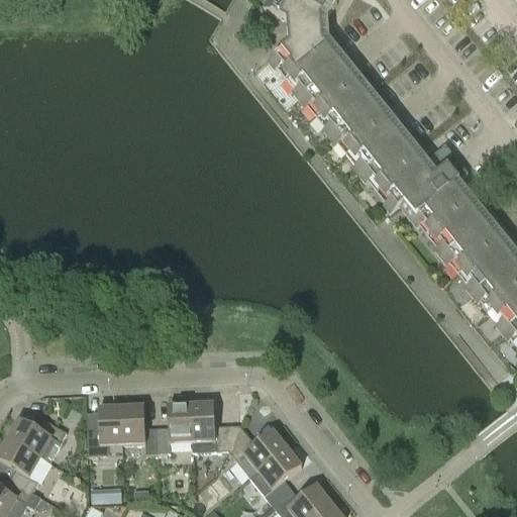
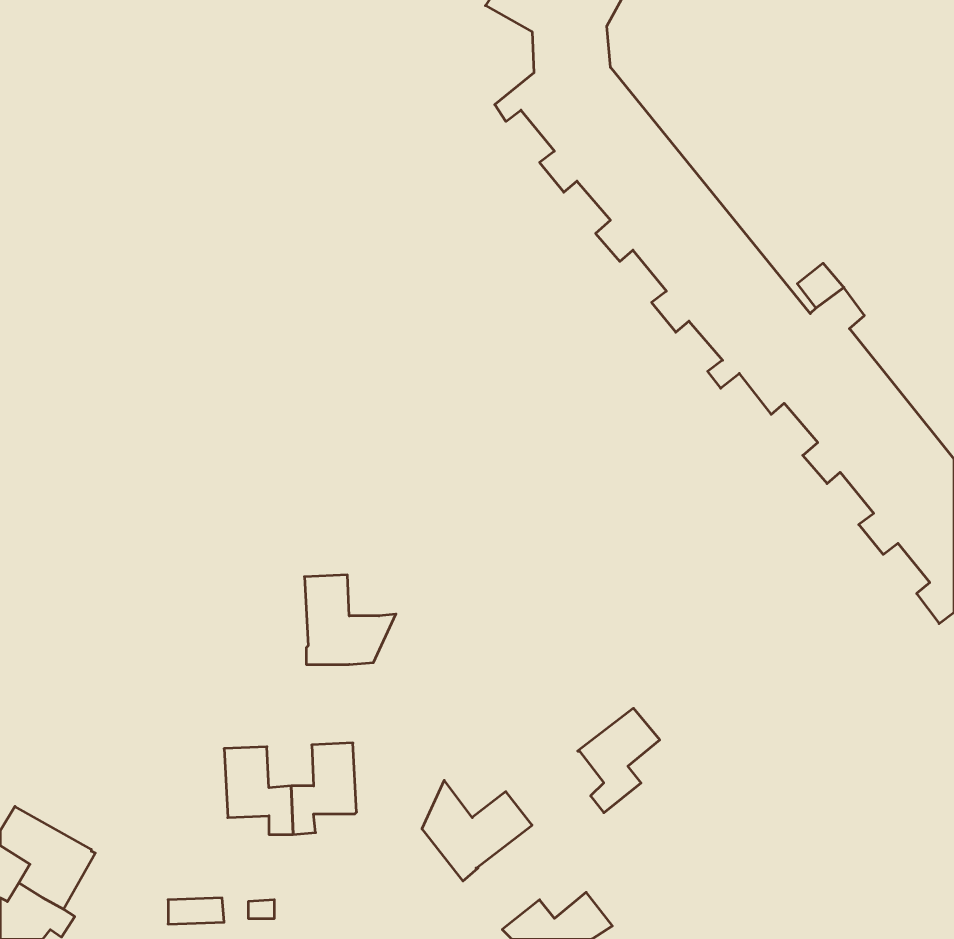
building: [191,401,240,449] -> [304,575,396,664]
building: [87,405,123,453] -> none
building: [8,416,67,459] -> none
building: [257,446,302,503] -> [578,708,660,813]

